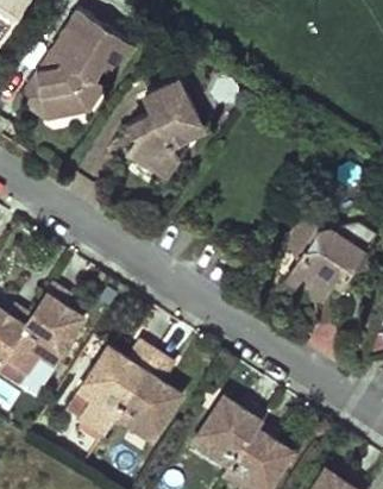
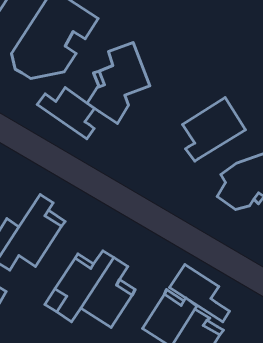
building: none -> [37,88,95,139]
building: none -> [183,98,245,161]
building: none -> [169,265,229,322]

